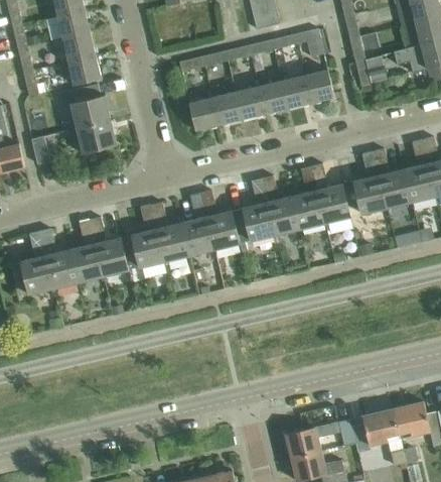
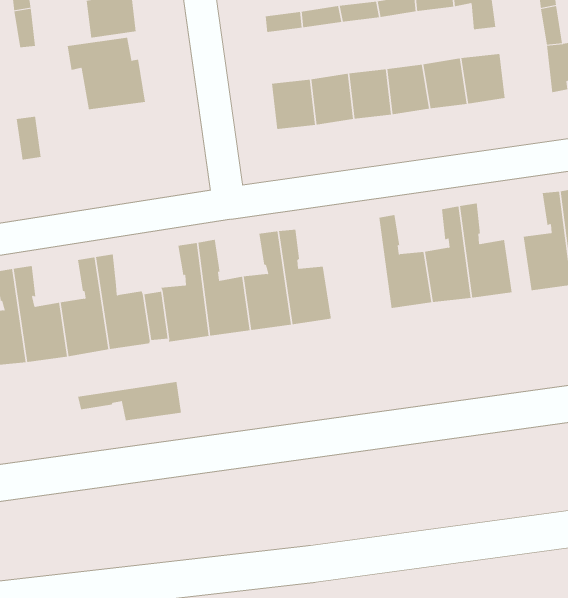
building: [76,122,117,154] -> none
building: [231,179,275,244] -> none
building: none -> [77,381,181,421]

